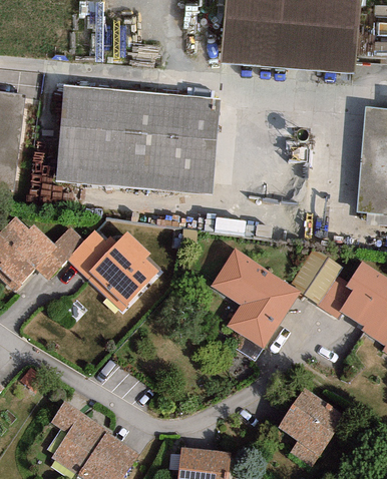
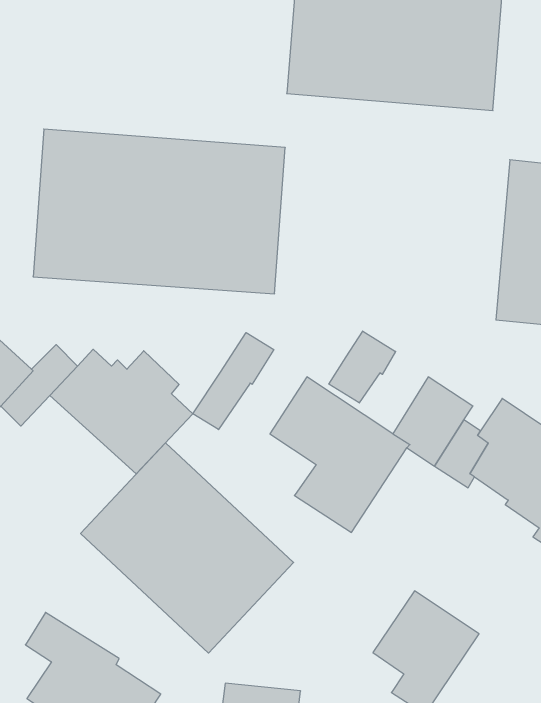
building: none -> [329,331,396,403]
building: none -> [193,333,274,430]
building: none -> [81,443,294,653]

